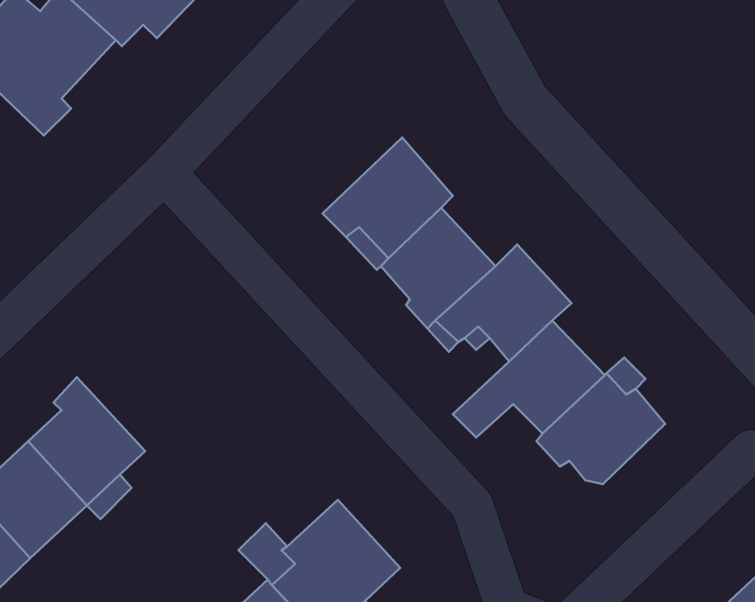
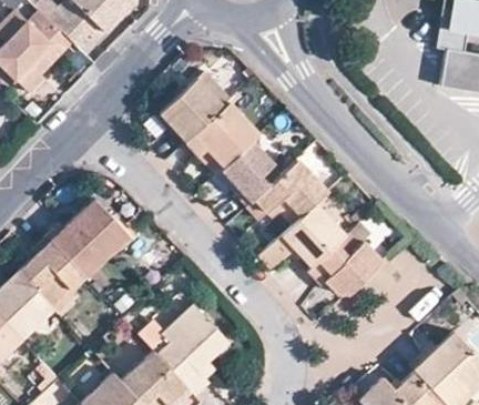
building: none -> [160,71,232,142]
building: none -> [47,199,131,277]

